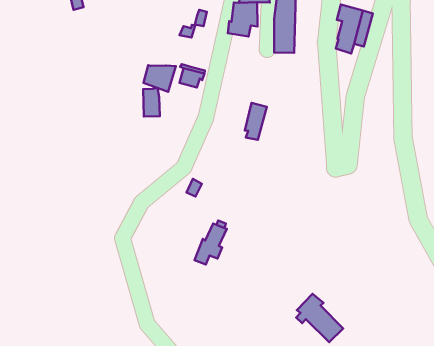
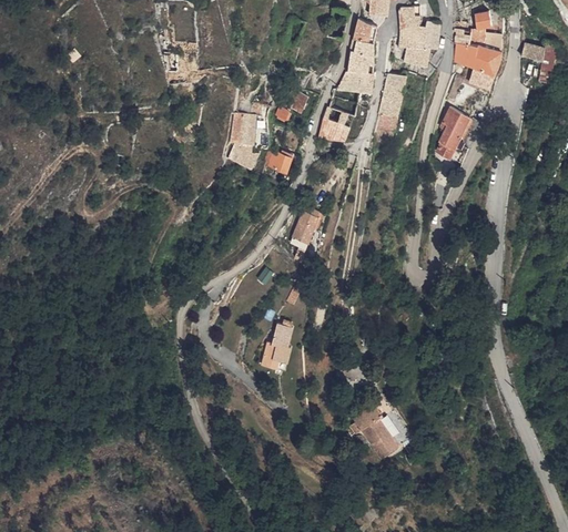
building: none -> [320,120,353,142]
building: [143,88,160,116] -> [239,113,257,144]
building: [245,103,267,140] -> [294,207,321,247]

